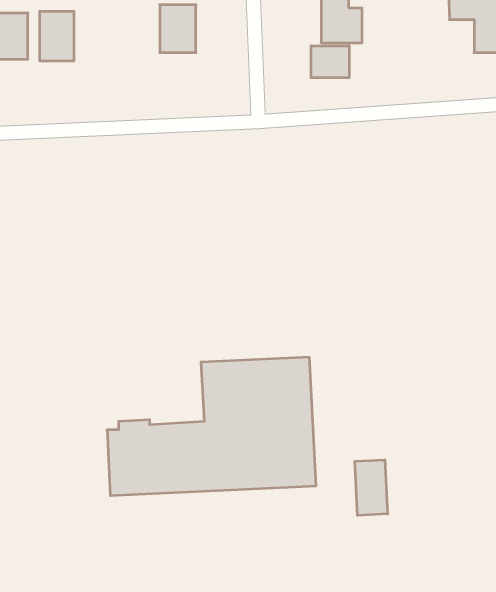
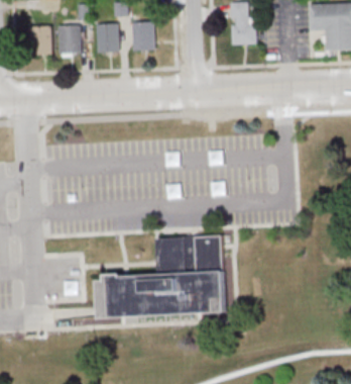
building: none -> [96,23,118,53]
building: [311,46,349,78] -> none
building: [355,460,388,515] -> none

